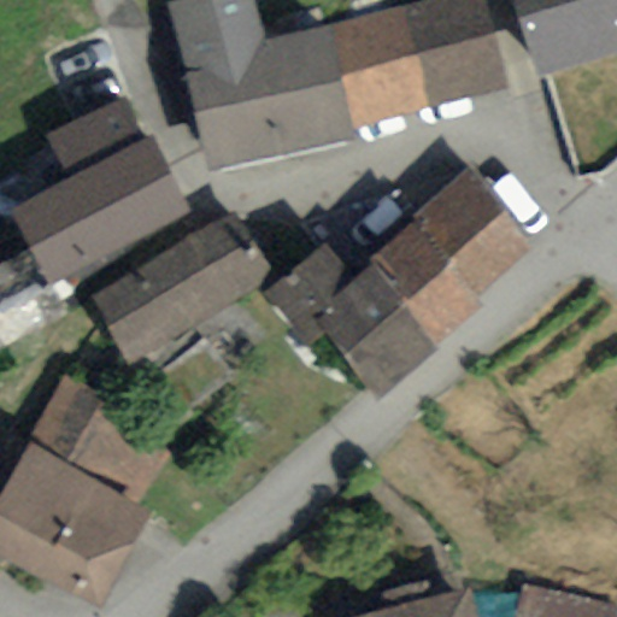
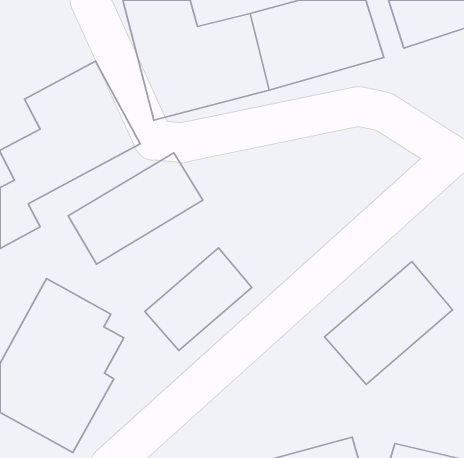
building: [263,178,529,384] -> none
building: none -> [145,248,252,351]
building: none -> [325,262,452,384]

